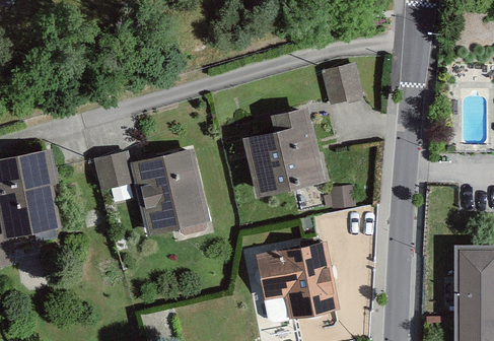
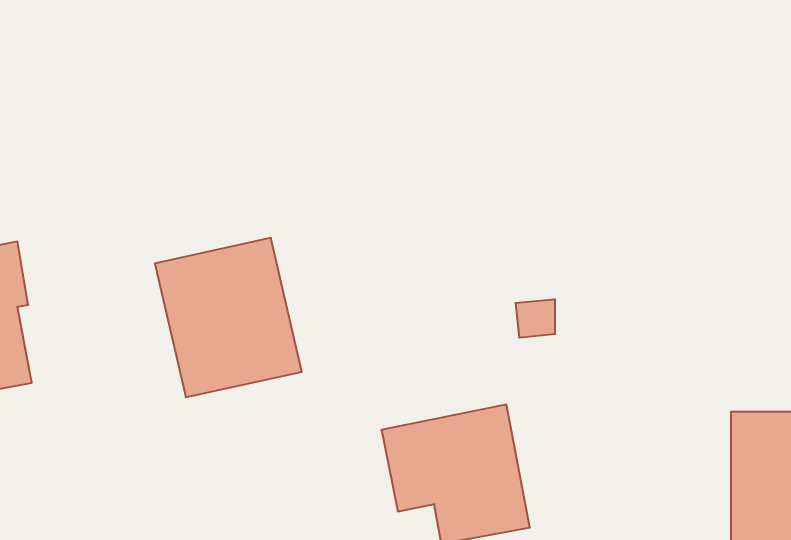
building: [322,61,365,104] -> none
building: [241,108,327,199] -> none
building: [94,151,134,191] -> none

